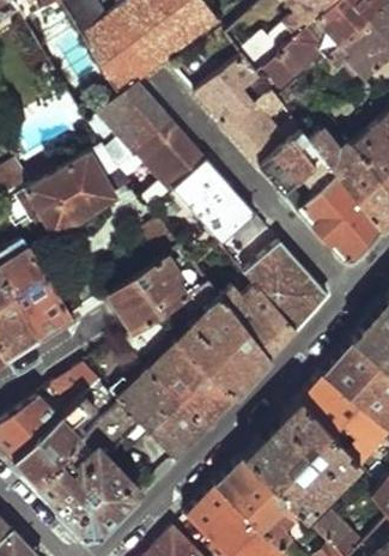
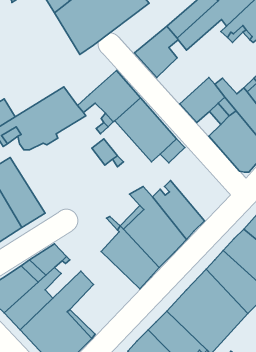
building: [97,85,172,155] -> none
building: [229,92,302,168] -> none
building: [245,241,324,332] -> none
building: [110,260,186,332] -> none
building: [113,375,205,458] -> none

